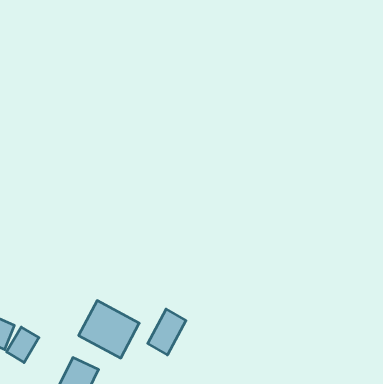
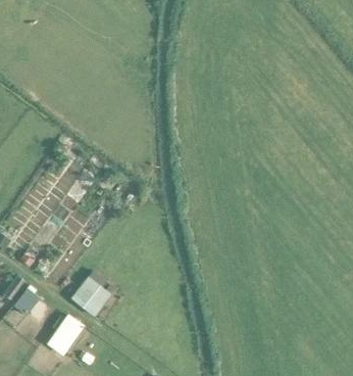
building: [148,309,186,355] -> none

